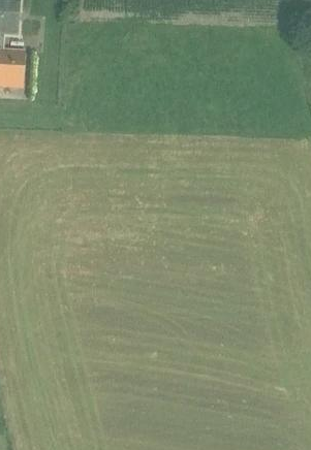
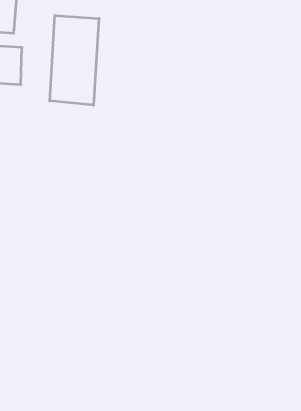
building: none -> [50,15,99,105]

